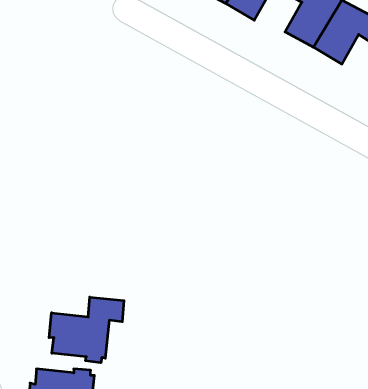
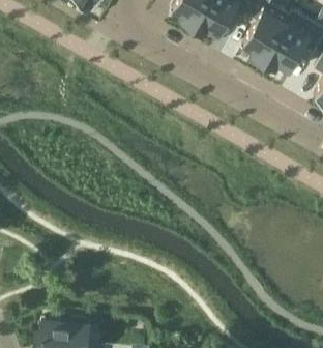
building: [49,297,124,363] -> none

